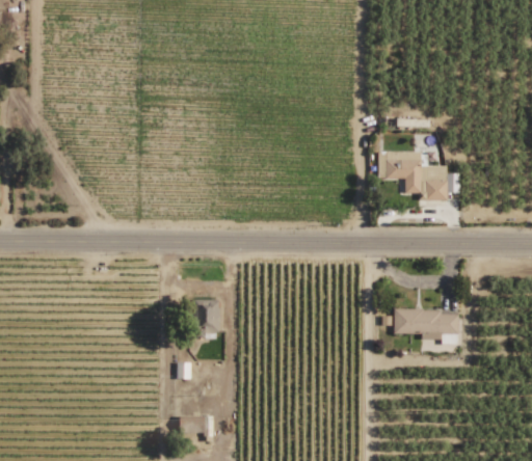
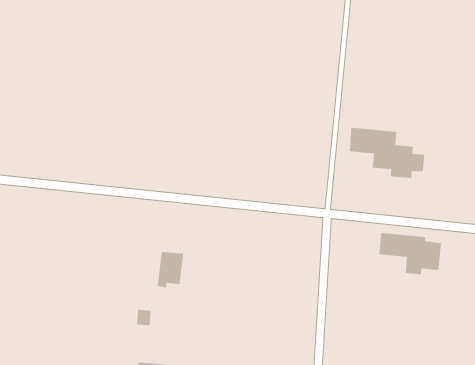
building: [393,308,457,349] -> [378,232,442,275]

